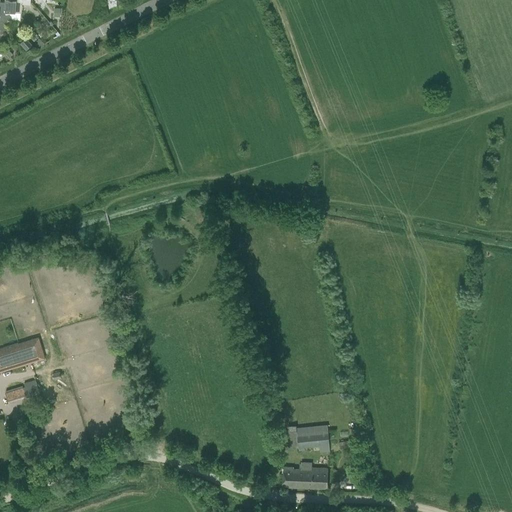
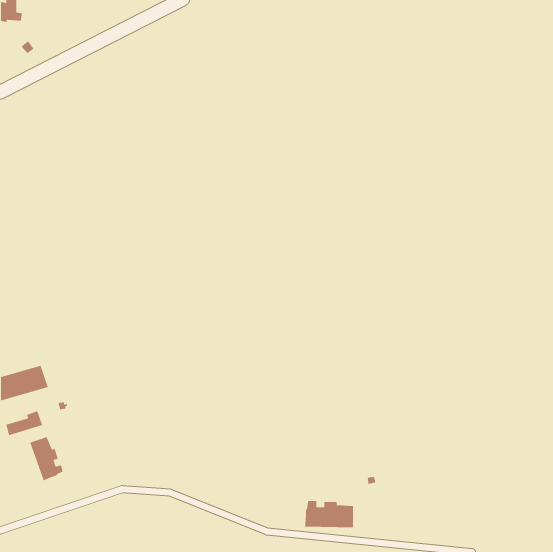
building: none -> [29,436,64,482]
building: [288,425,330,451] -> none

